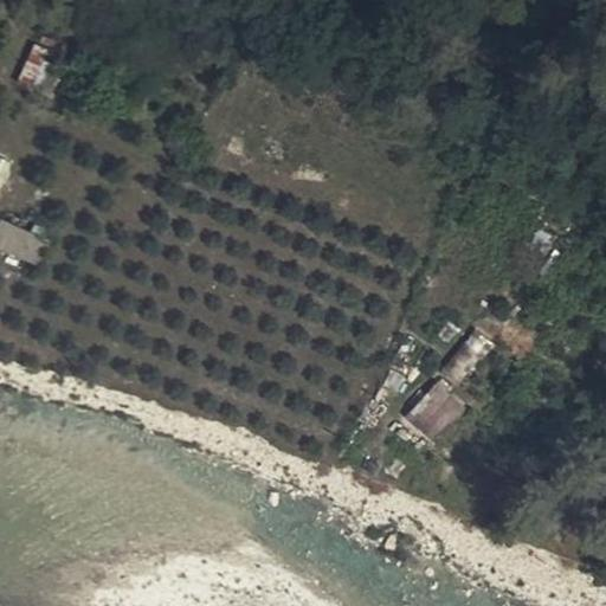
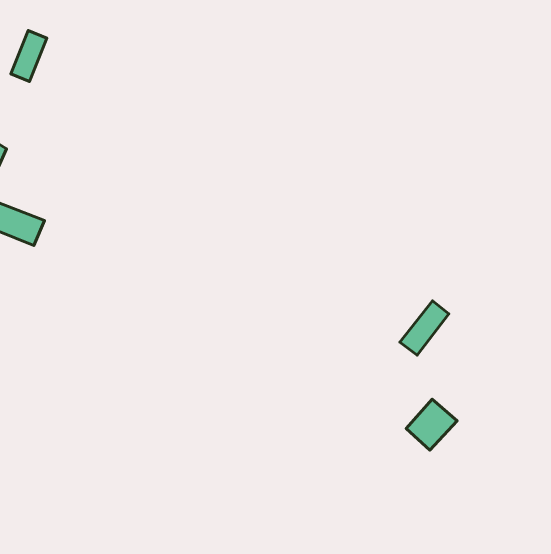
building: [406,386,462,441] -> [406,399,457,450]

